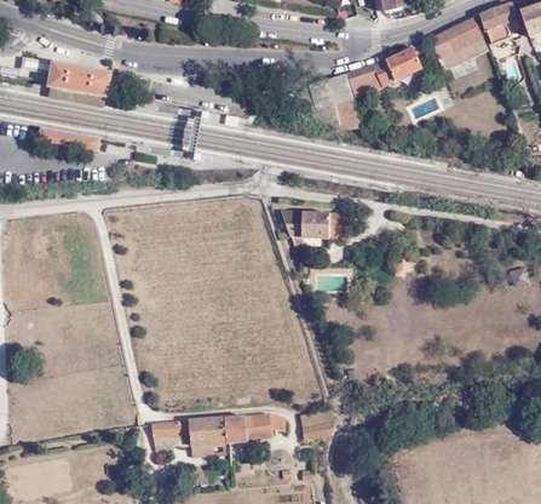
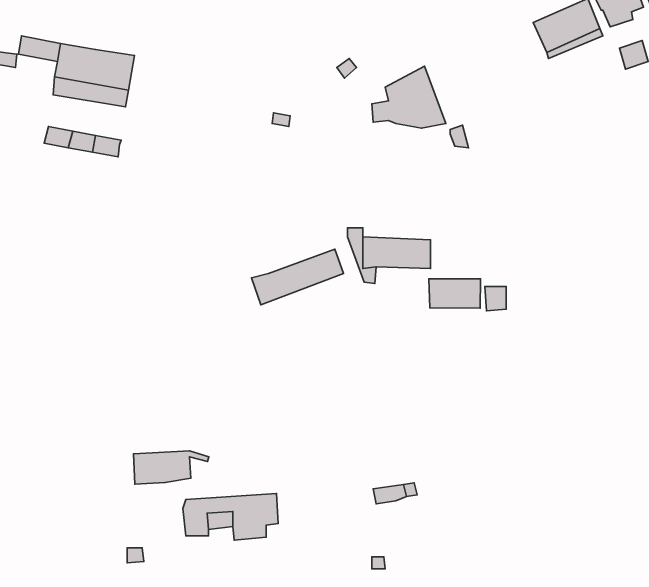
building: [347,46,422,93] -> none
building: none -> [251,249,343,305]
building: none -> [429,279,480,308]
building: [224,414,284,441] -> [133,451,209,484]

